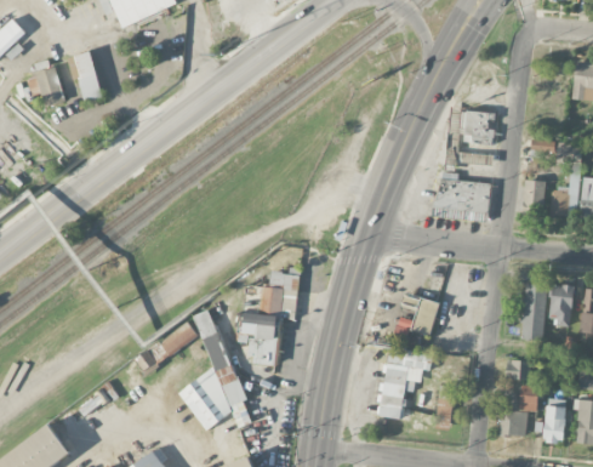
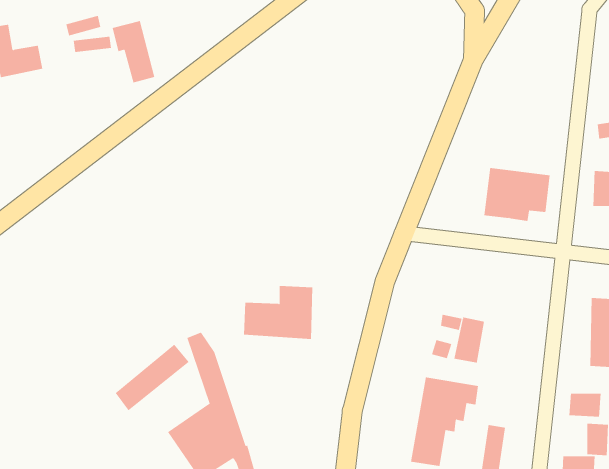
building: [68,52,103,103] -> [112,20,155,83]
building: [462,112,495,144] -> none
building: [235,313,278,365] -> none

